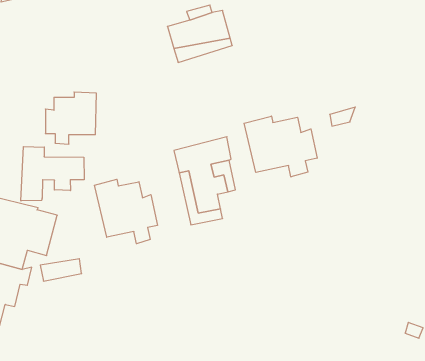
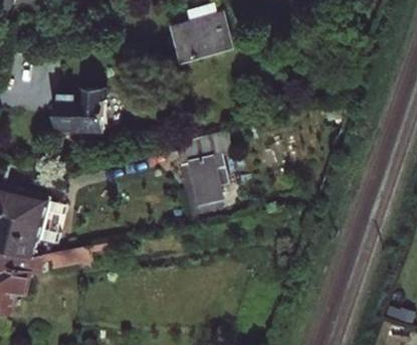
building: [244,116,317,177] -> none
building: [21,147,84,201] -> none
building: [94,179,157,244] -> none

